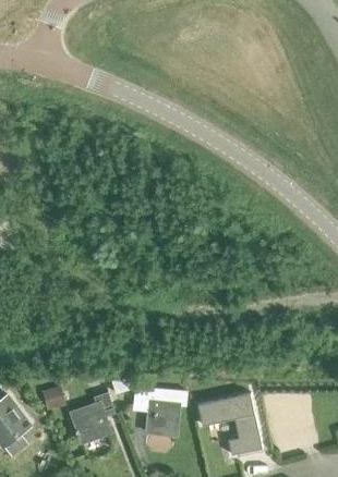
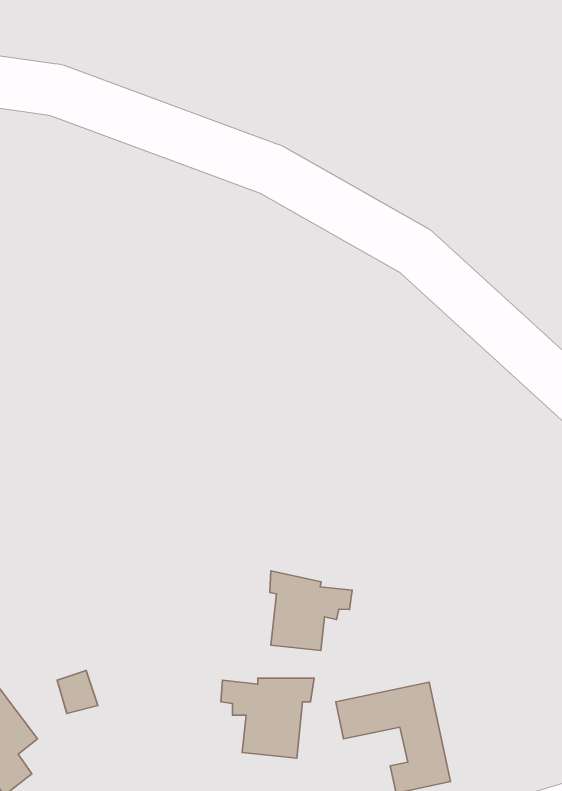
building: none -> [270,571,352,651]
building: [71,393,113,444] -> none

